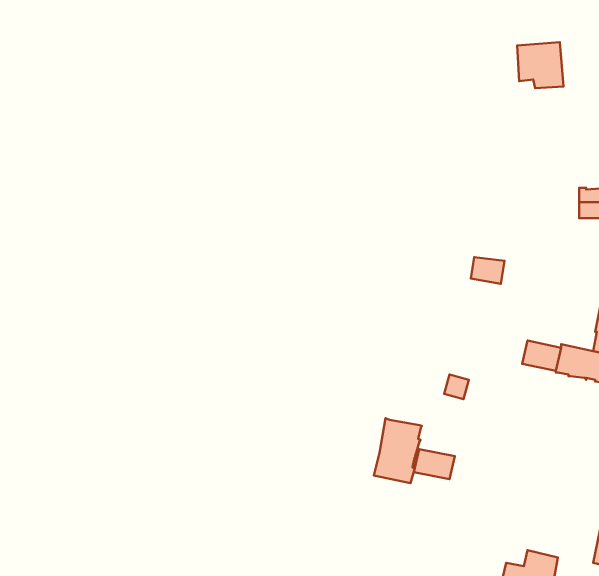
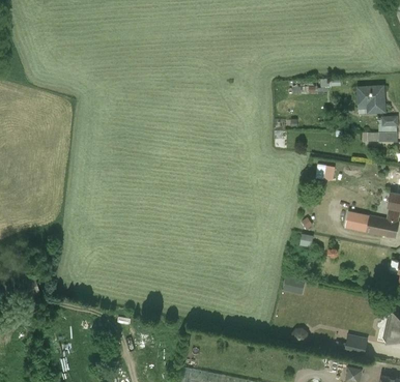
building: [517,42,564,88] -> [359,87,385,114]
building: [374,418,422,483] -> none

